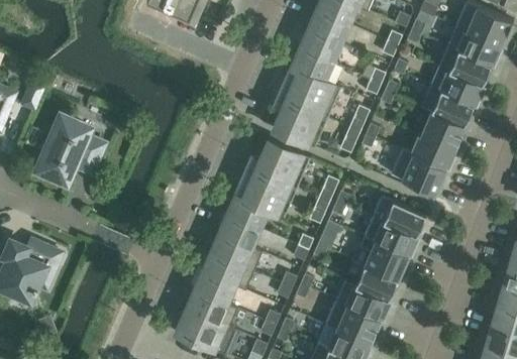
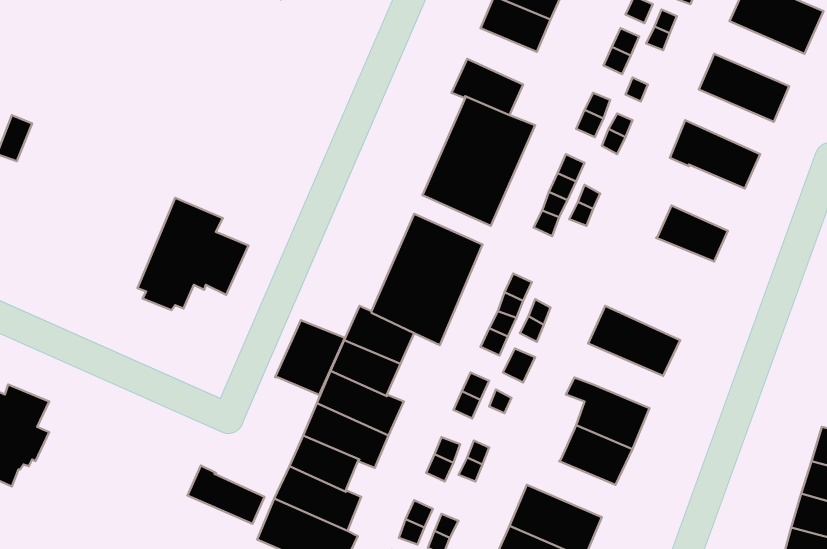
building: [446,26,500,65] -> none
building: [300,30,341,64] -> none
building: [429,67,482,105] -> none
building: [421,111,464,150] -> none
building: [38,116,104,183] -> [138,198,248,310]
building: [391,148,446,194] -> none
building: none -> [275,320,345,395]
building: [364,217,416,255] -> none
building: [335,280,388,320] -> none
building: none -> [188,465,264,524]

